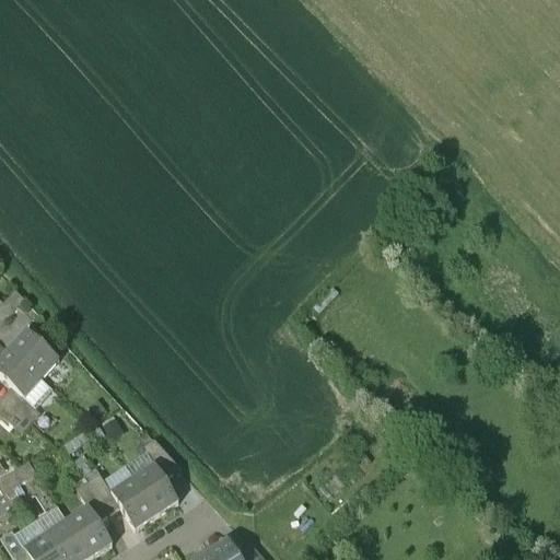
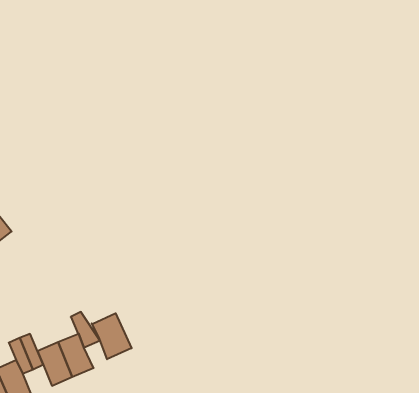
building: none -> [92,313,132,359]

